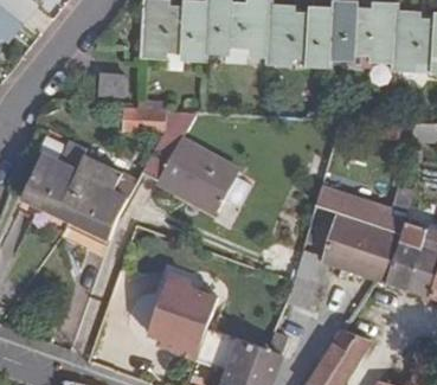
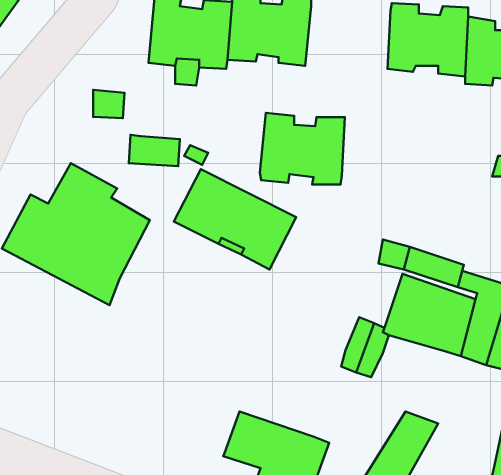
building: [262,6,329,63] -> [260,113,345,184]
building: [148,264,226,360] -> none

